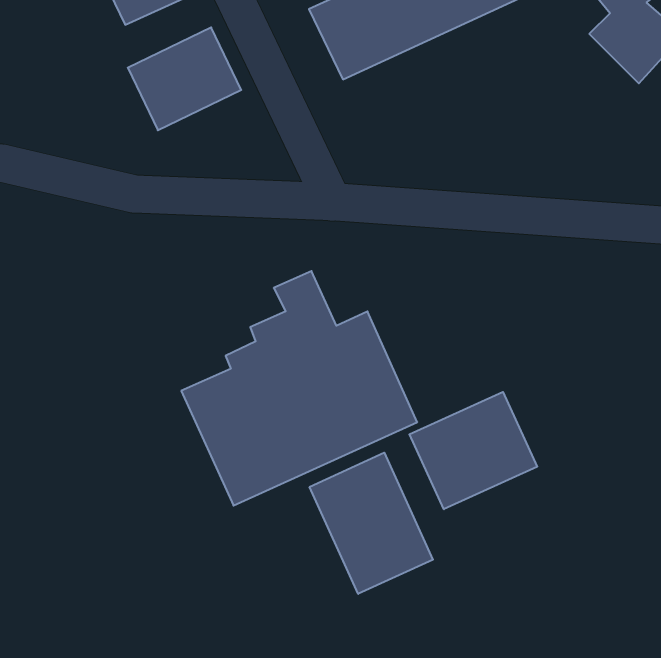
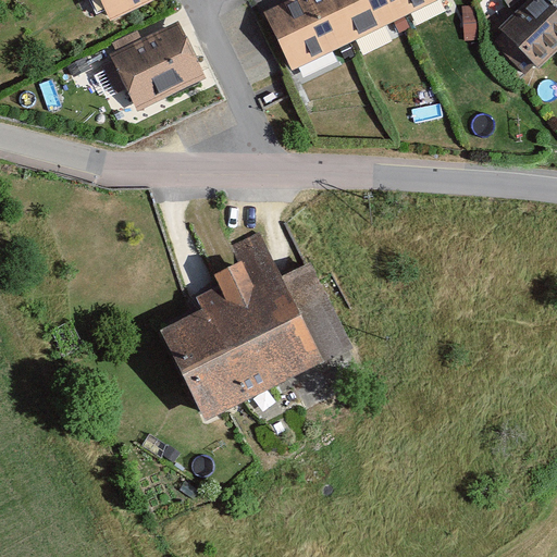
building: [409,392,537,509] -> none
building: [310,453,433,594] -> none

